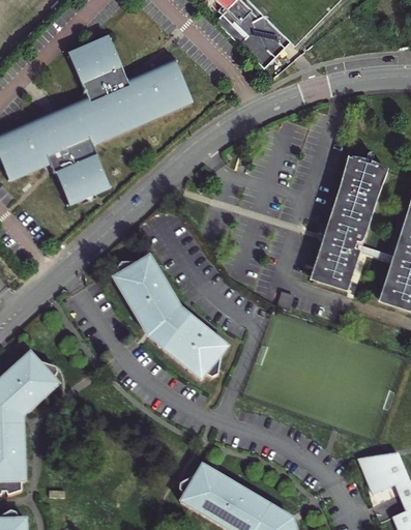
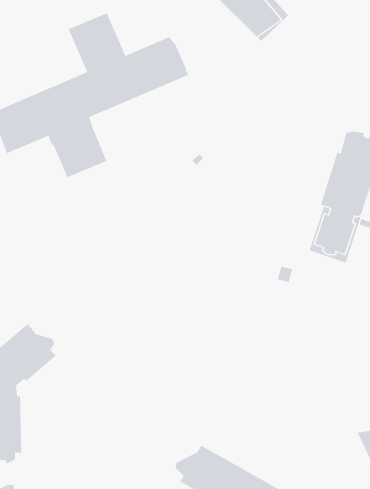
building: [109,258,224,383] -> none

